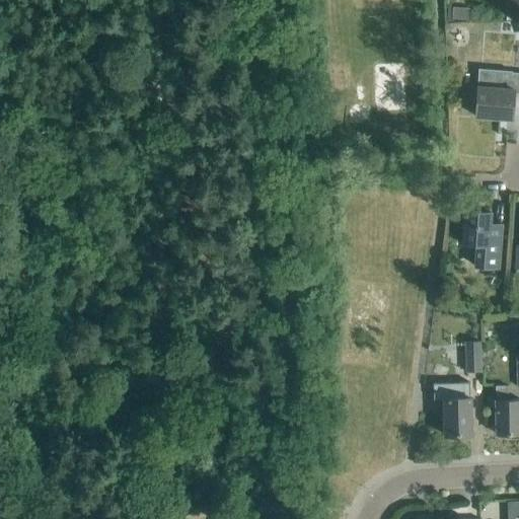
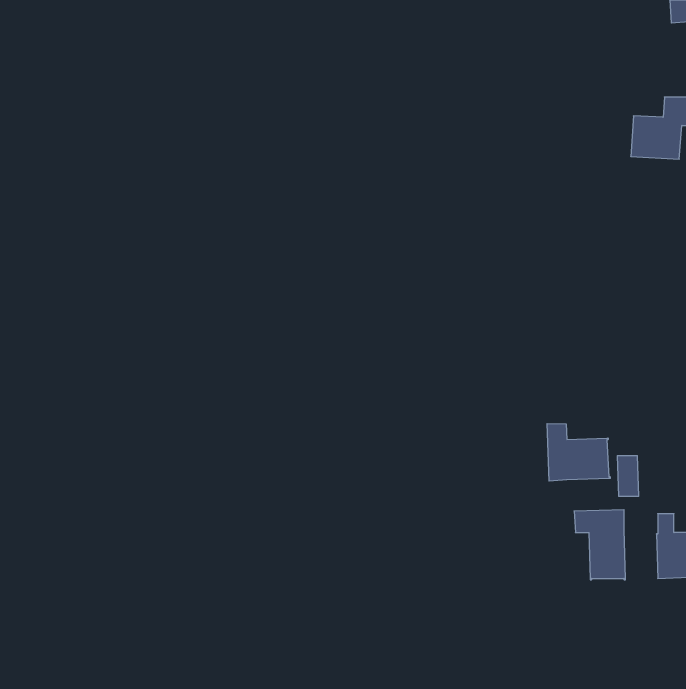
building: [463,212,505,270] -> none
building: none -> [547,424,610,481]

